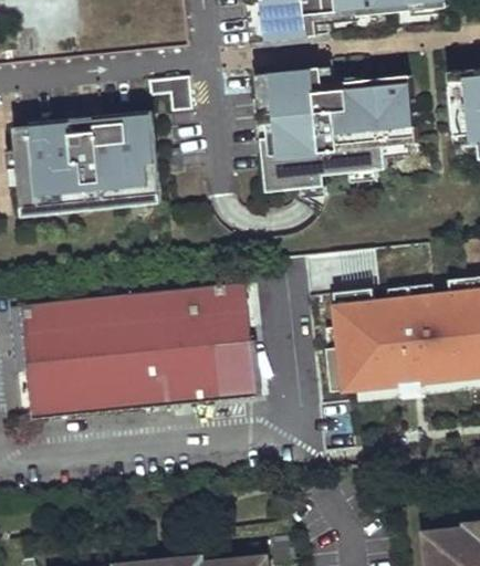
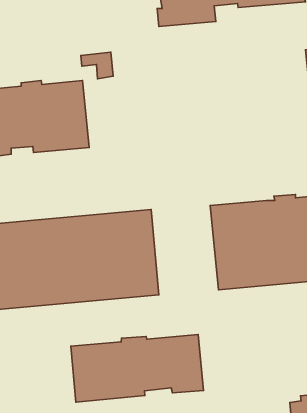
building: [254,65,416,190] -> none
building: none -> [71,335,203,402]

